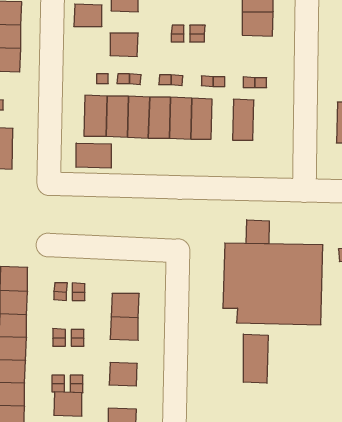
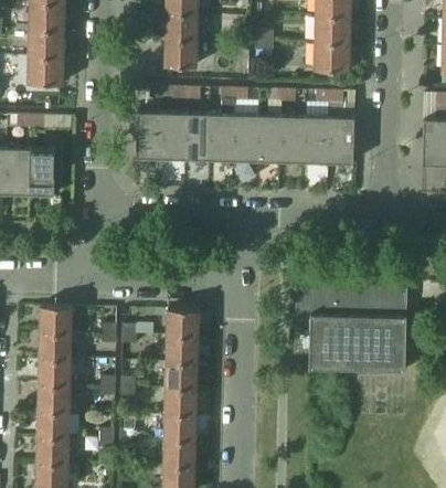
building: [74,4,102,26] -> [166,15,198,41]
building: none -> [315,43,350,71]
building: none -> [280,116,306,162]
building: none -> [328,117,354,163]
building: [76,143,111,168] -> none
building: [246,220,269,244] -> none
building: none -> [168,309,199,337]
building: [243,334,268,383] -> none
building: none -> [166,389,198,416]
building: [54,392,82,416] -> [163,441,195,468]

